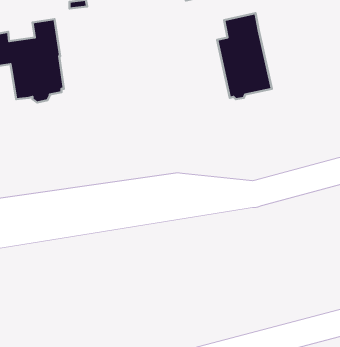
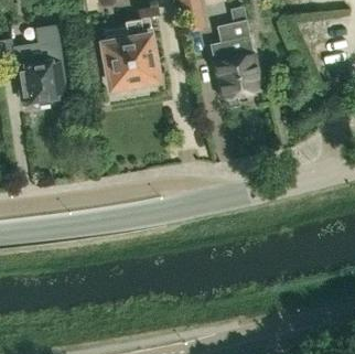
building: none -> [101,19,157,89]

